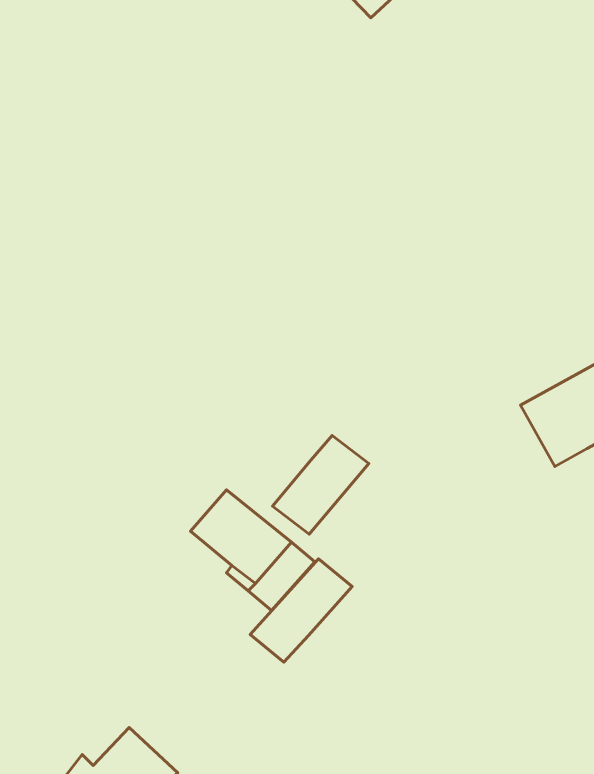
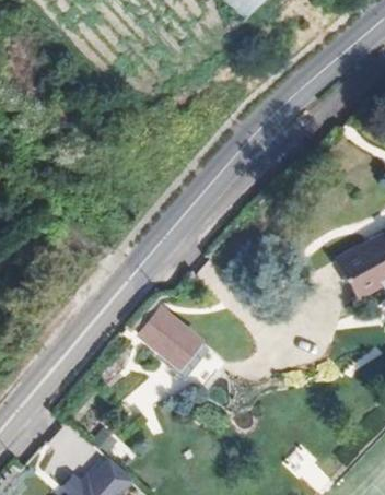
building: [273,435,369,534] -> none
building: [250,559,352,662] -> none

